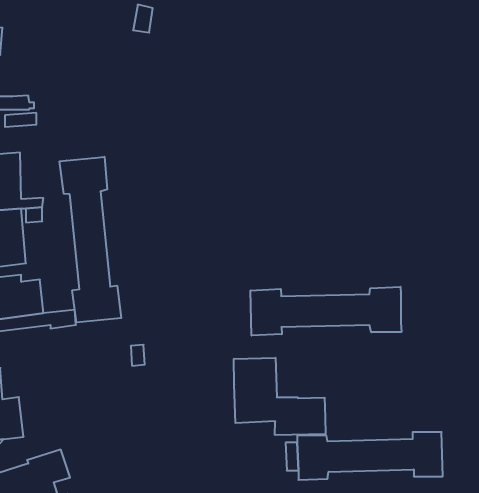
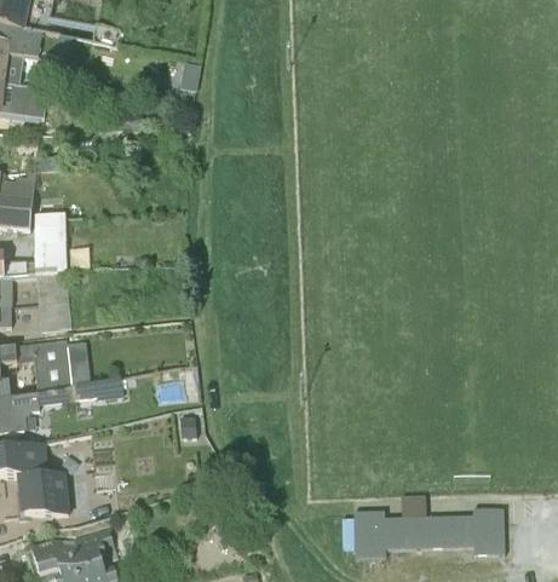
building: [60,157,121,323] -> none
building: [251,287,401,336] -> none
building: [234,358,325,435] -> none

